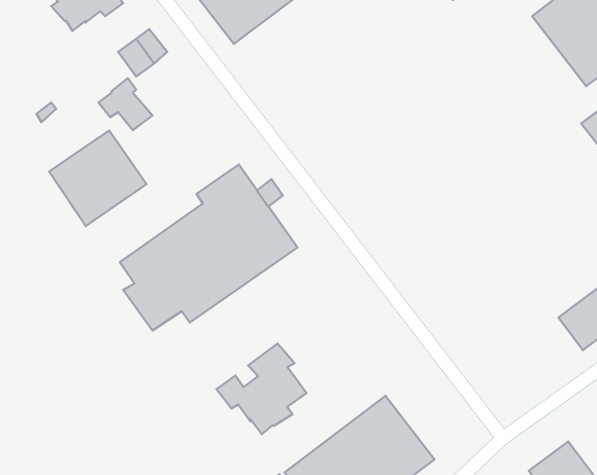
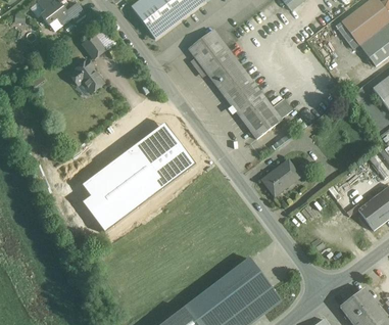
building: none -> [188,30,292,138]
building: [49,131,147,226] -> none
building: none -> [262,159,300,195]
building: [216,343,306,434] -> none

